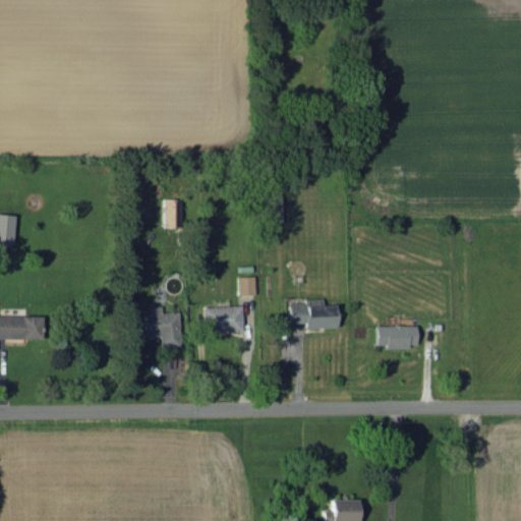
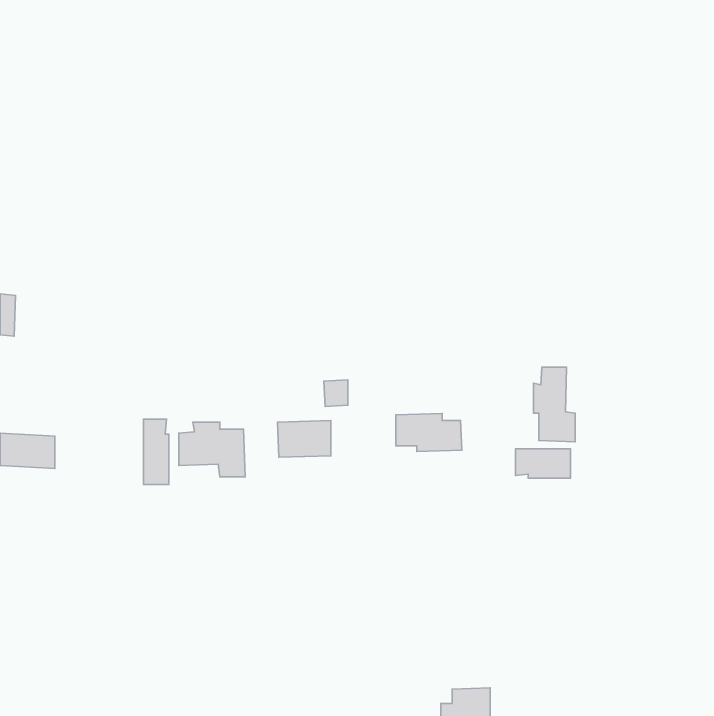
building: [165,199,182,228] -> none
building: none -> [533,367,575,442]
building: none -> [143,419,169,485]

